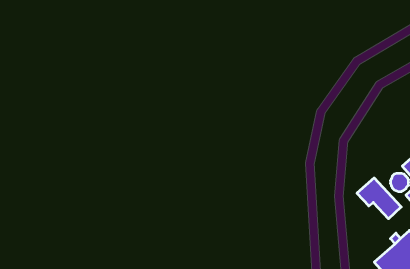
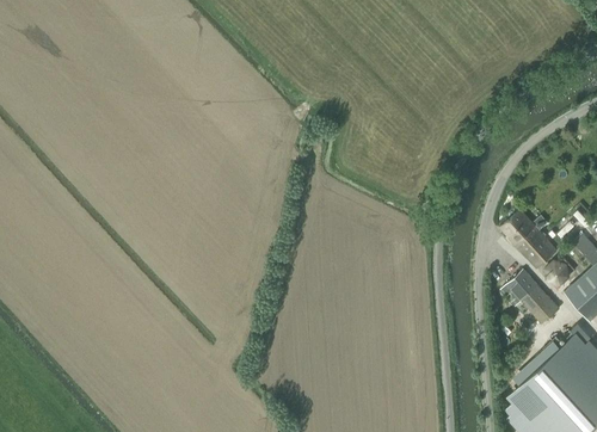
building: none -> [501,210,559,269]

